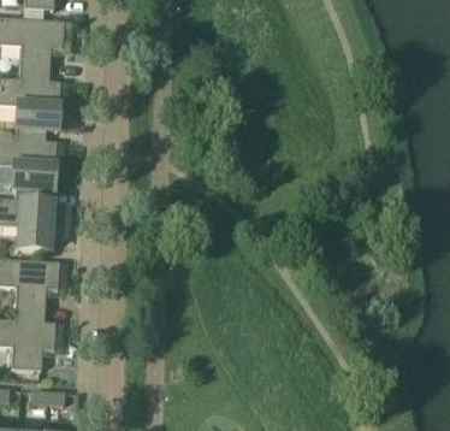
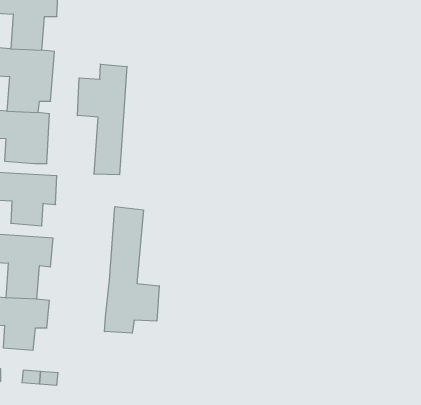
building: none -> [77,64,127,175]
building: none -> [105,207,159,333]

